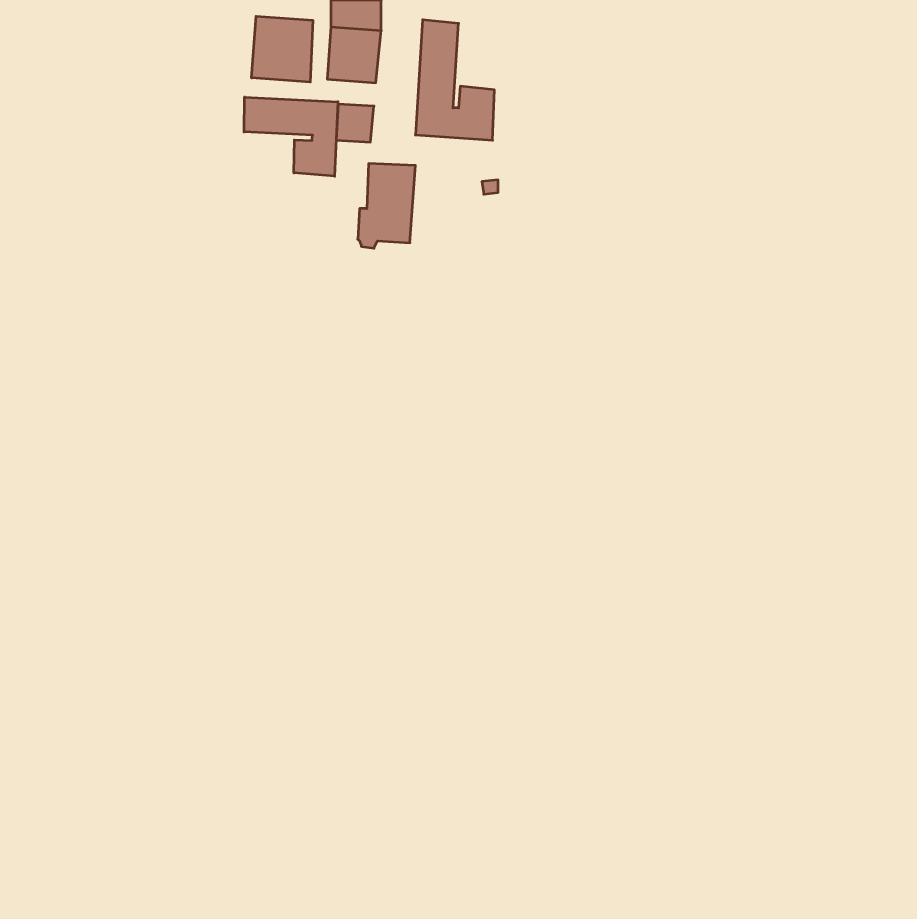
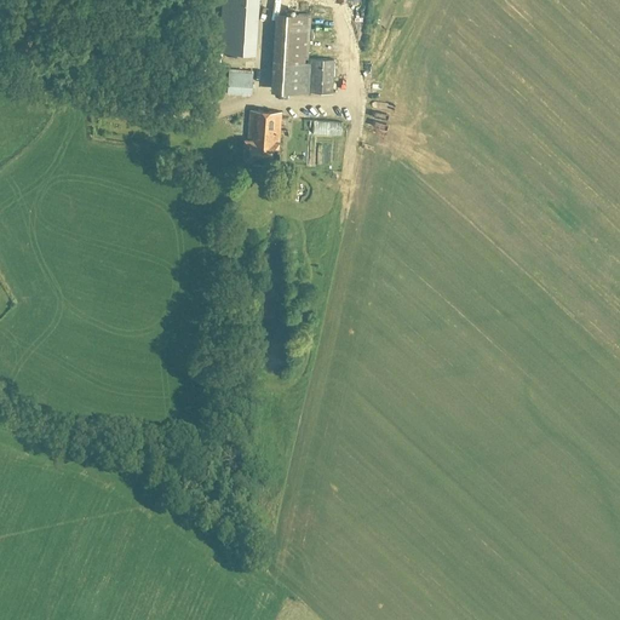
building: [252,16,313,82] -> none
building: [244,97,338,176] -> none

